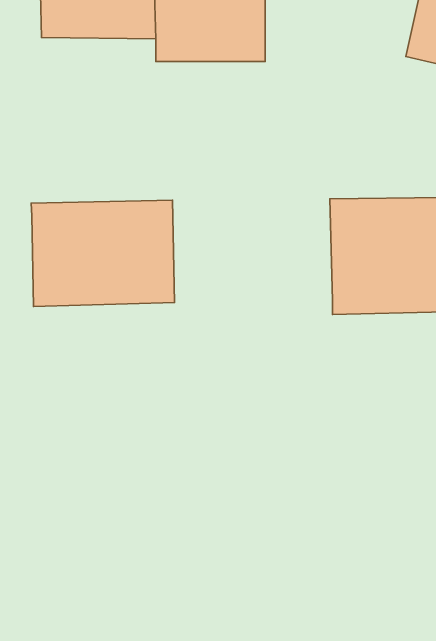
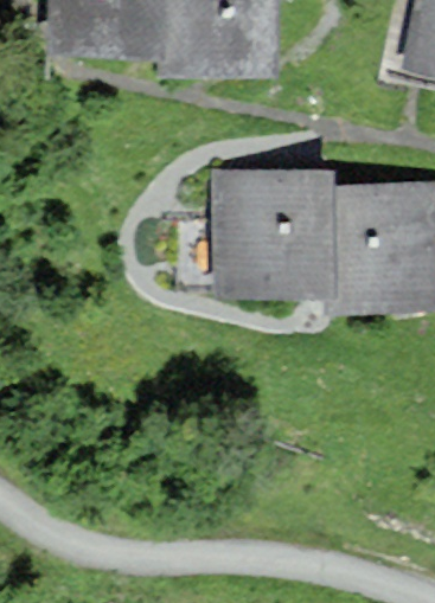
building: none -> [223,171,331,283]
building: [31,200,175,307] -> none

